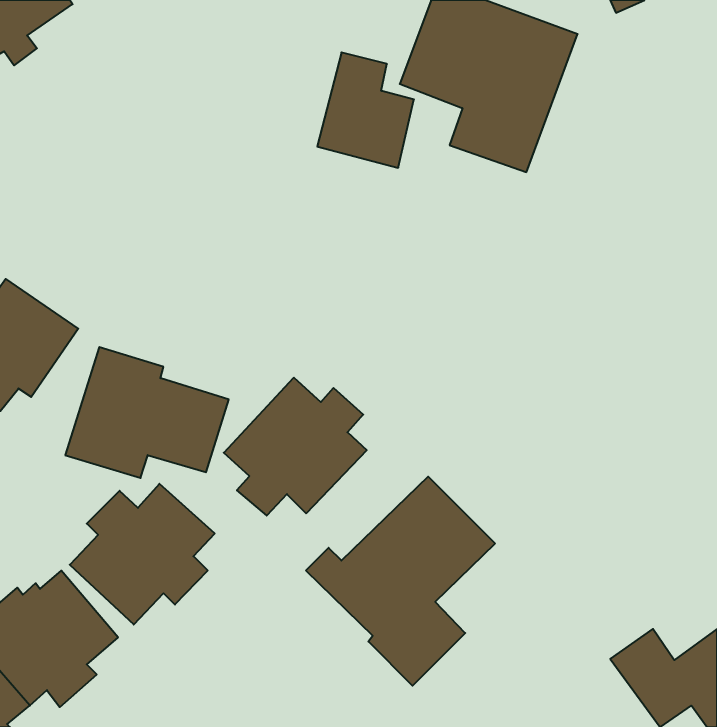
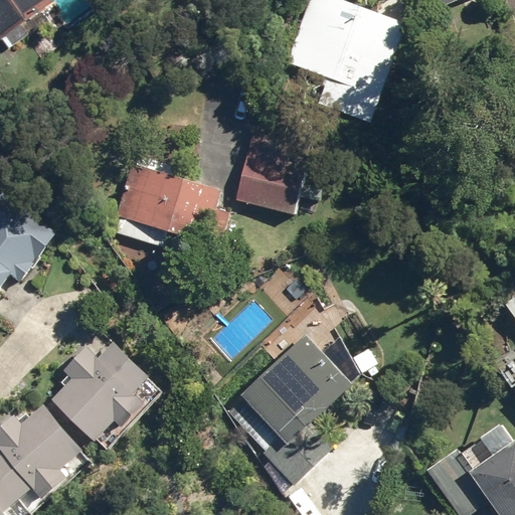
building: [317,52,414,168] -> [237,133,306,214]
building: [65,347,229,478] -> [109,155,224,247]
building: [224,378,367,516] -> none

